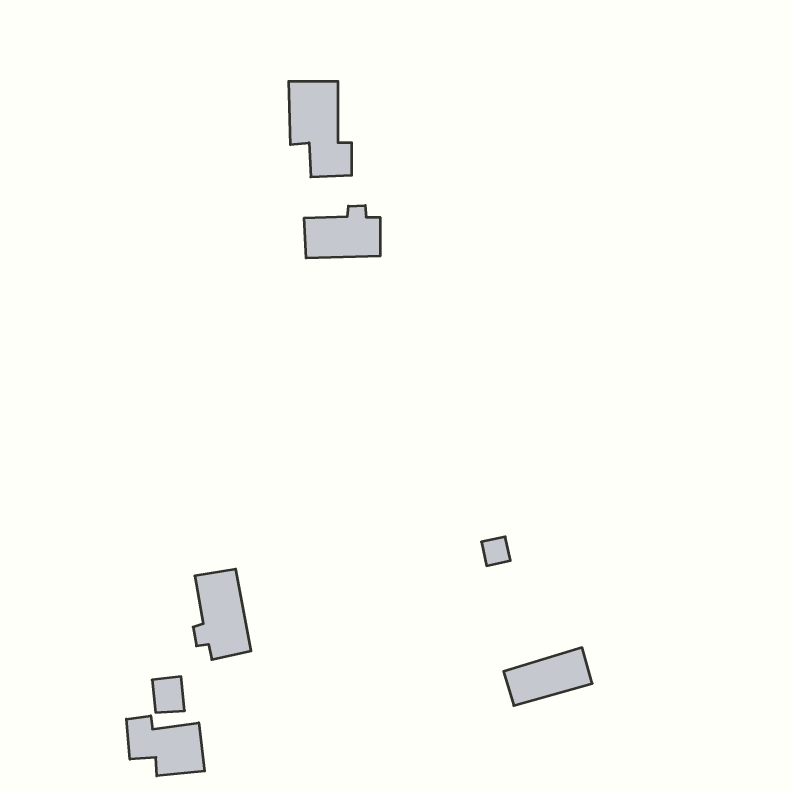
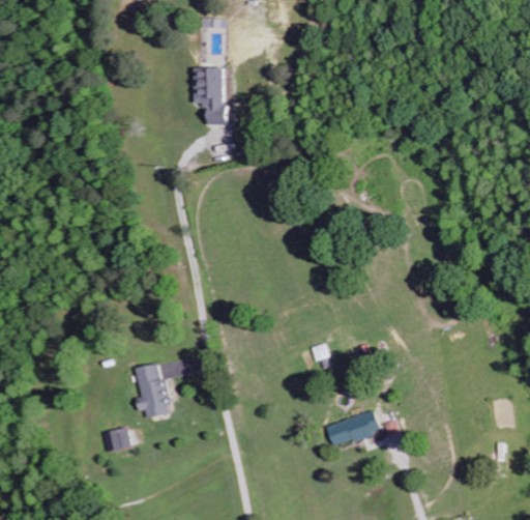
building: [304,205,380,258] -> none
building: [126,716,205,776] -> none

